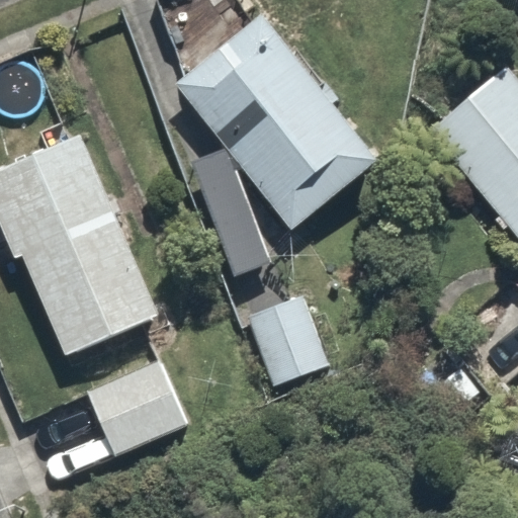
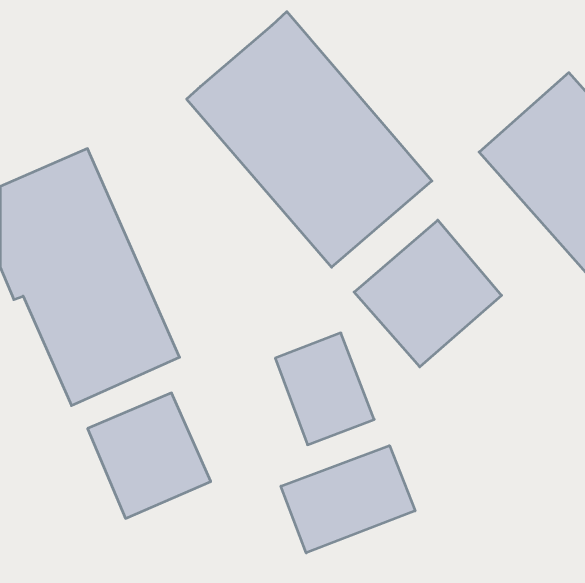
building: none -> [354,220,502,367]
building: none -> [281,446,415,553]

